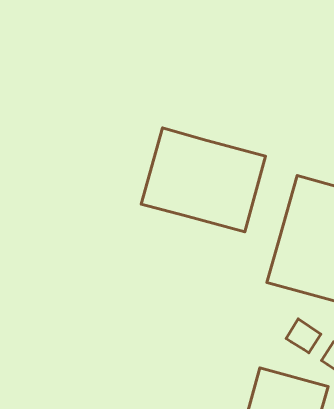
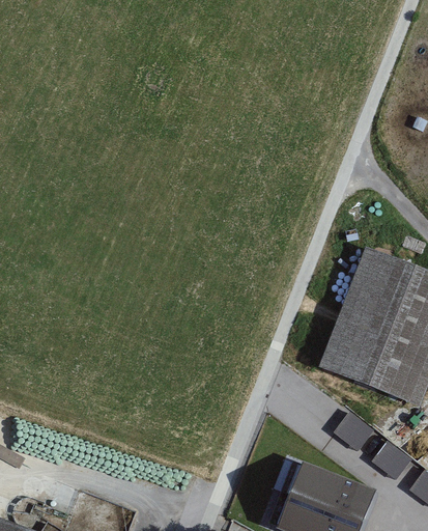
building: [141,128,266,232] -> none

